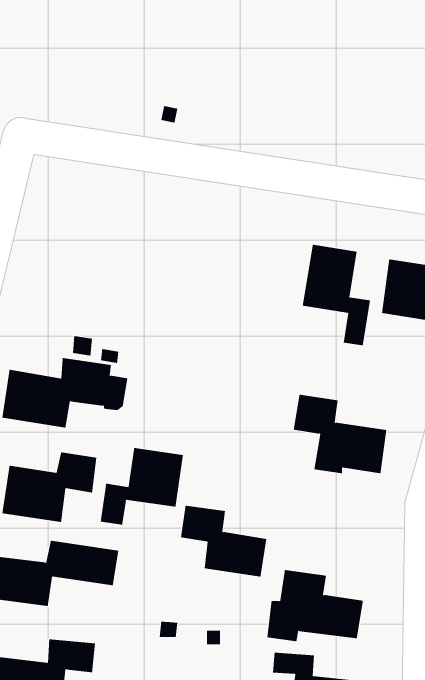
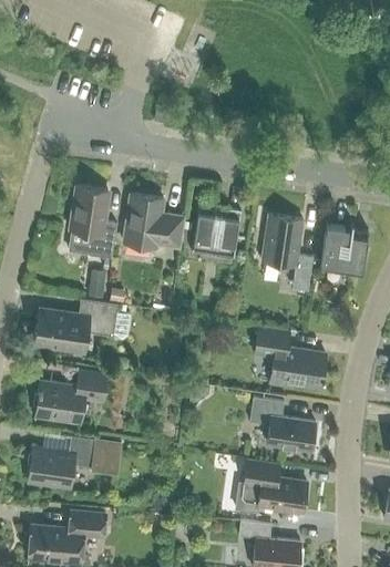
building: none -> [68,186,116,258]
building: none -> [123,194,183,247]
building: none -> [192,208,240,257]
building: [100,447,183,526] -> none
building: [180,505,267,577] -> [249,396,315,451]

